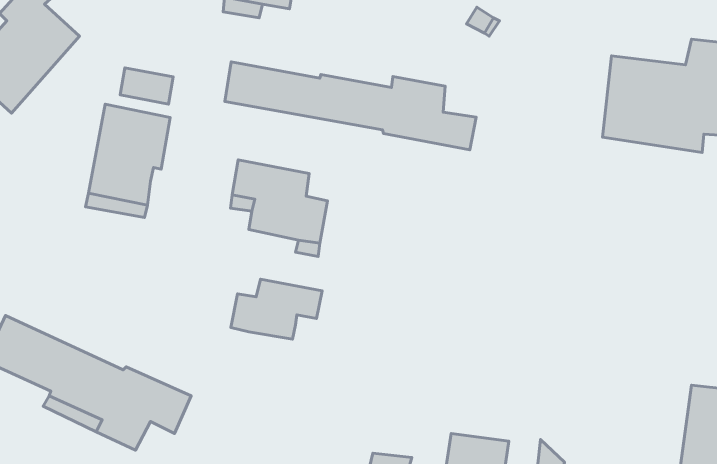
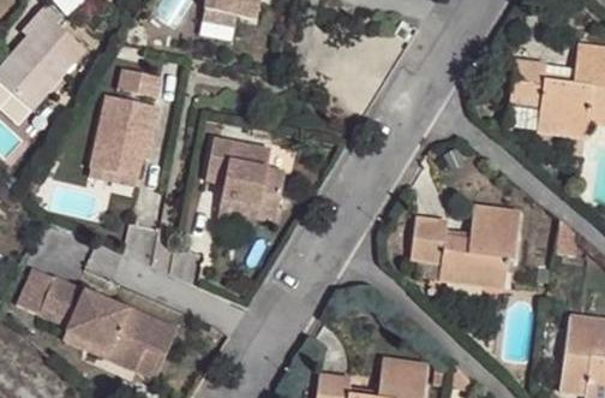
building: [225,62,476,150] -> none
building: none -> [411,204,521,285]
building: [231,279,322,339] -> none

